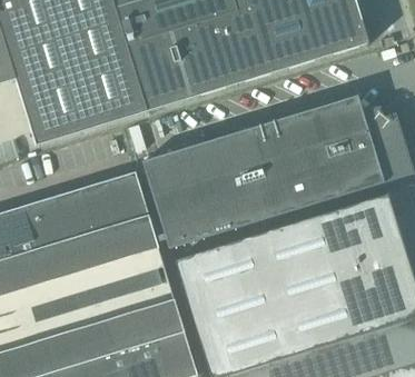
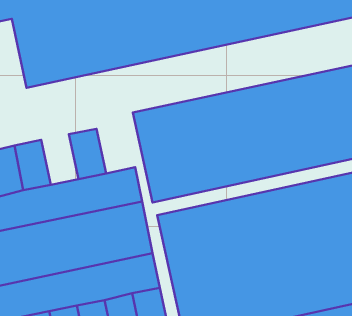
building: [109,170,150,222] -> none
building: [56,187,96,238] -> none

